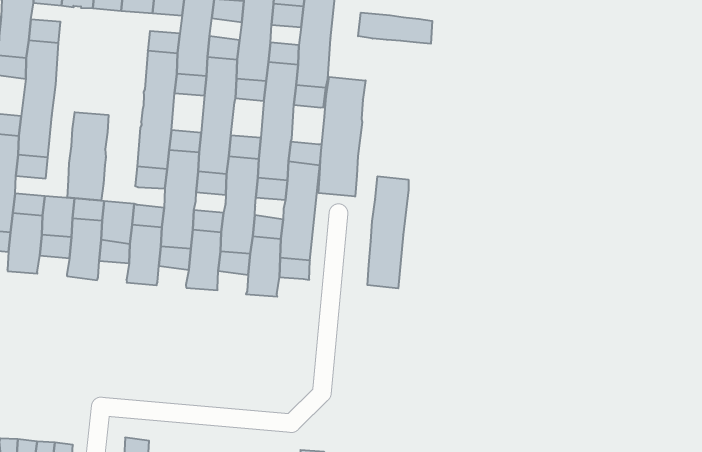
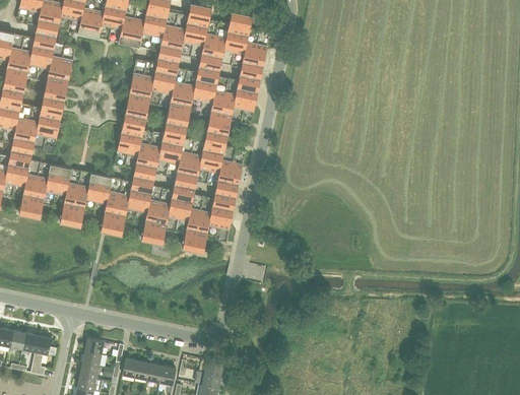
building: [358,13,432,44] -> none
building: [319,77,366,197] -> none
building: [68,112,108,200] -> none
building: [367,176,409,288] -> none

